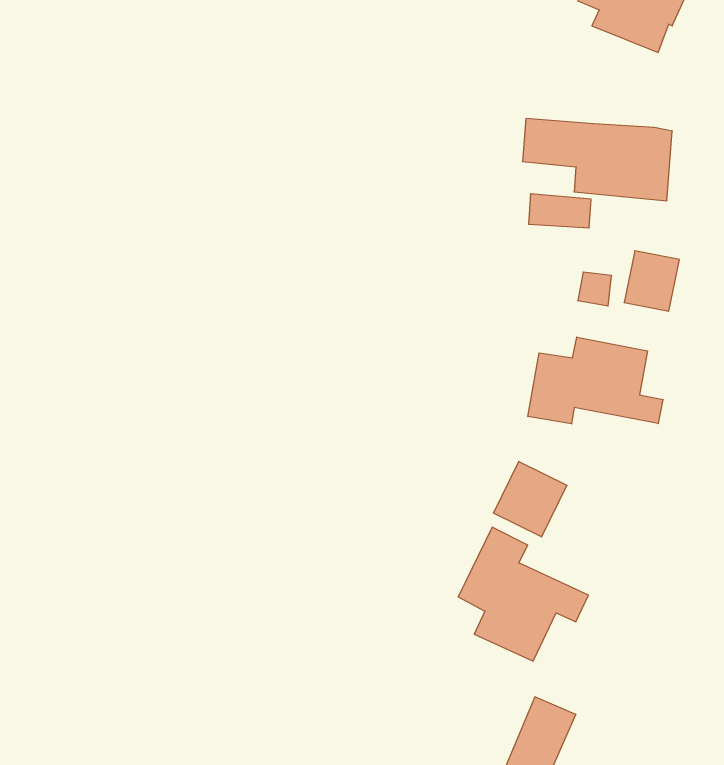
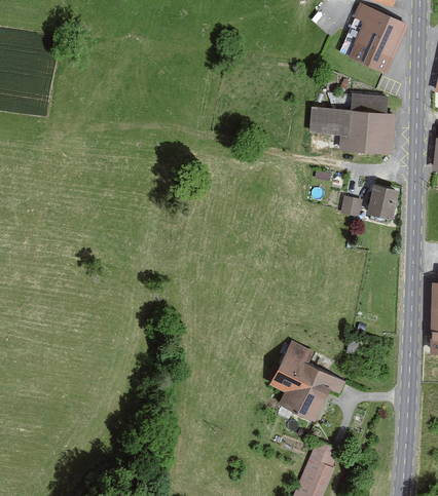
building: [529,194,591,228] -> [351,93,387,113]
building: [528,337,663,424] -> none
building: [494,461,567,537] -> none

